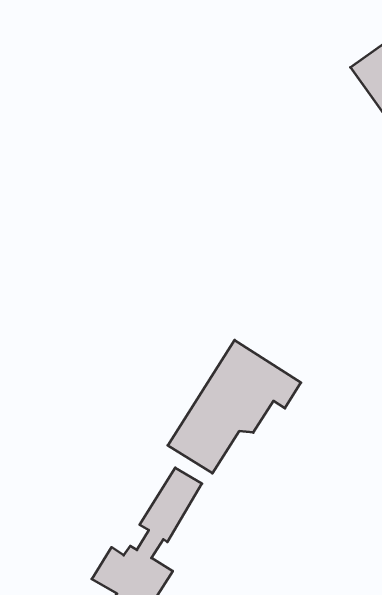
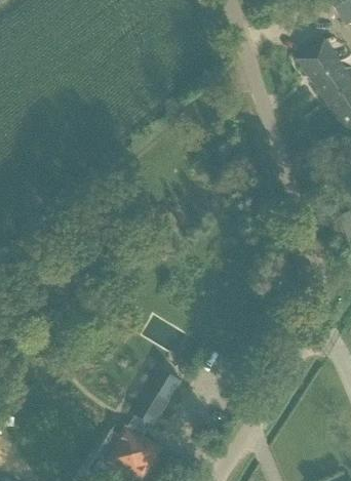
building: [168,340,301,473] -> none

